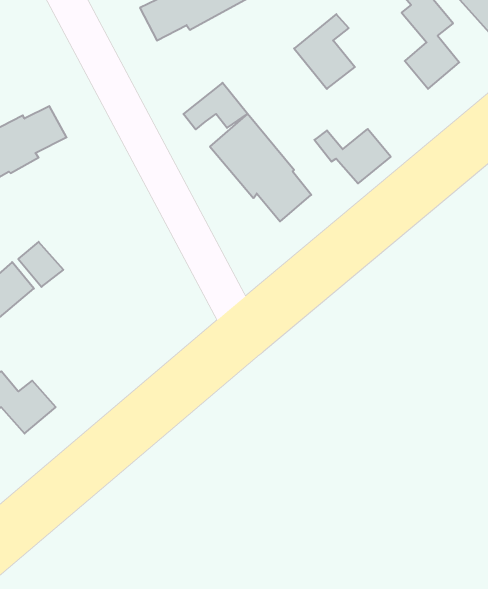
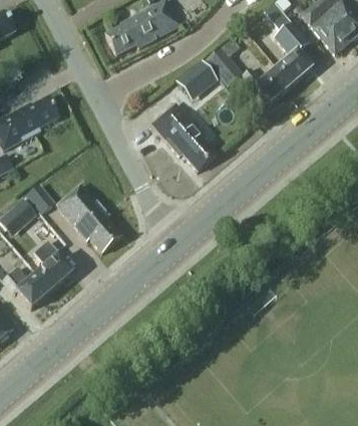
building: [183,83,247,129] -> [176,59,218,89]
building: [314,129,391,183] -> [242,67,291,102]
building: none -> [55,184,120,252]
building: none -> [33,241,71,290]

